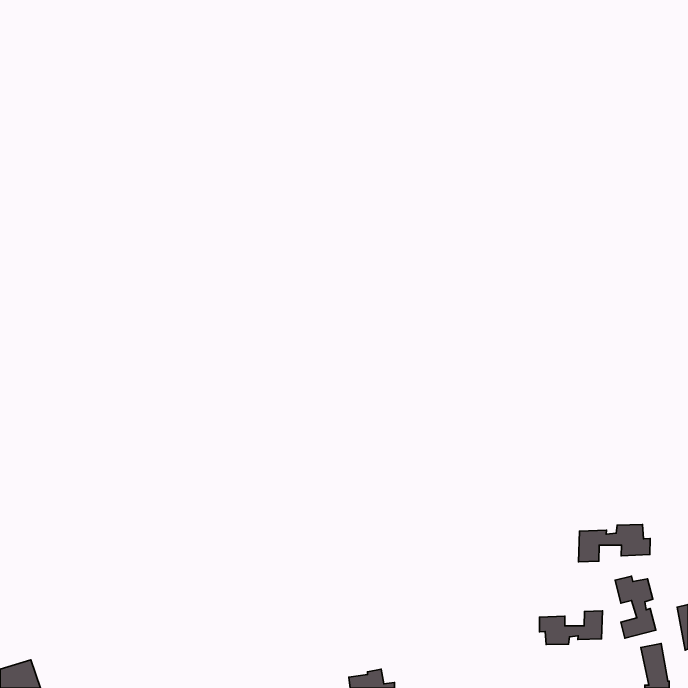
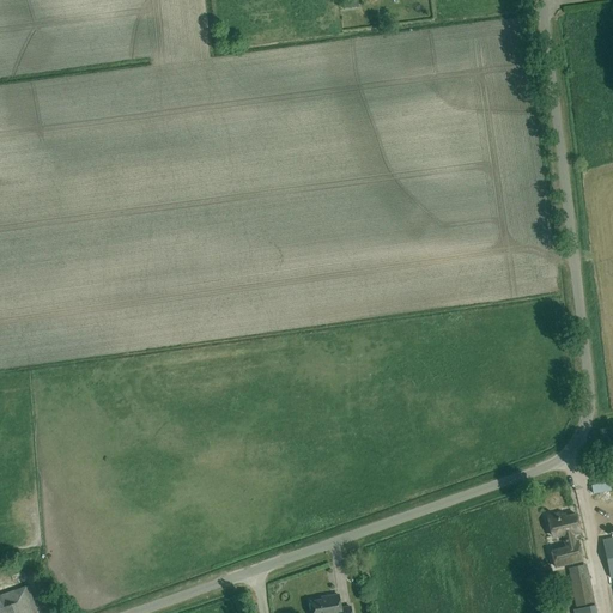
building: [579,524,650,562] -> none
building: [539,611,602,645] -> none

